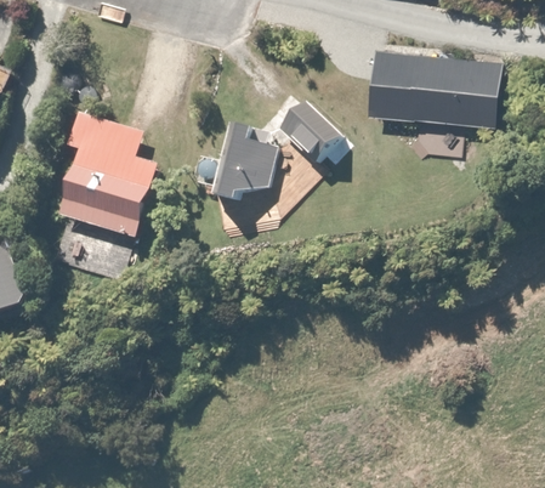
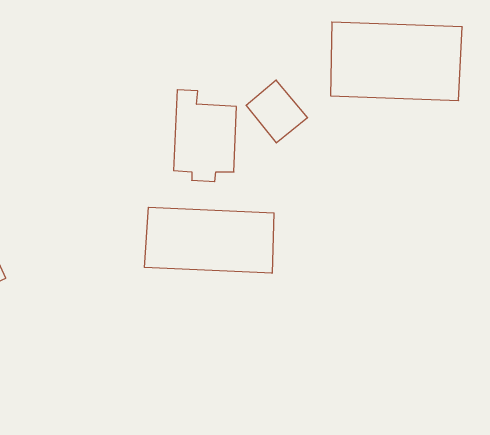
building: [50,112,168,245] -> none
building: none -> [144,207,274,273]

